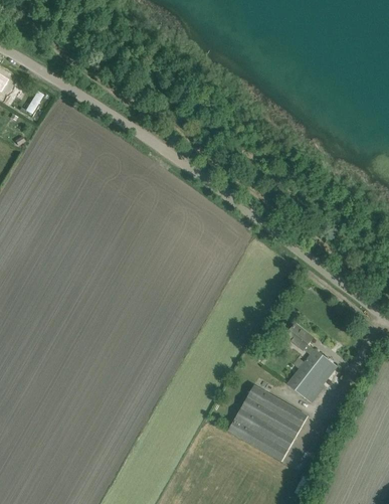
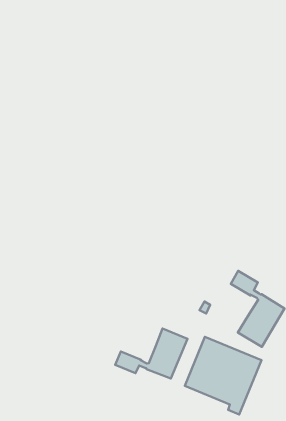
building: none -> [115,329,187,378]

